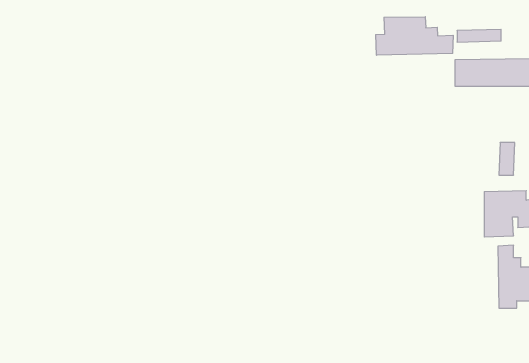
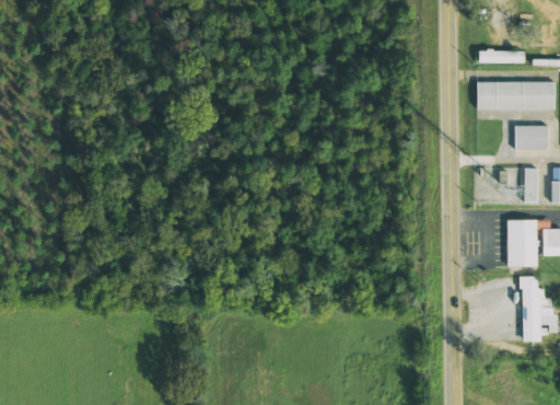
building: [376,17,453,55] -> none
building: none -> [515,126,548,150]

